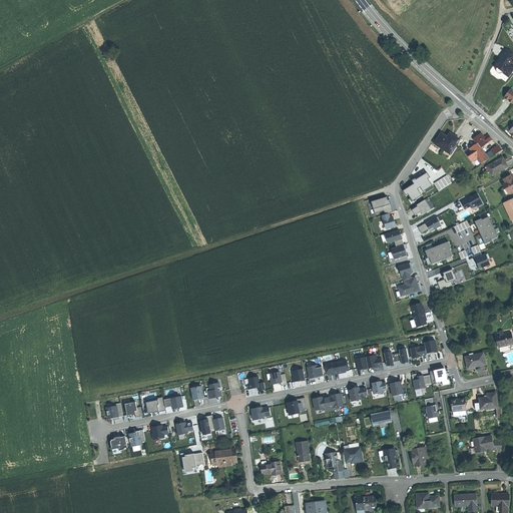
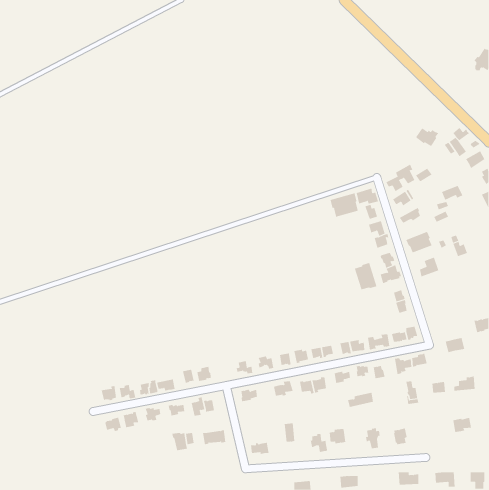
building: none -> [330,193,358,218]
building: [474,216,497,244] -> none
building: none -> [354,262,377,290]

